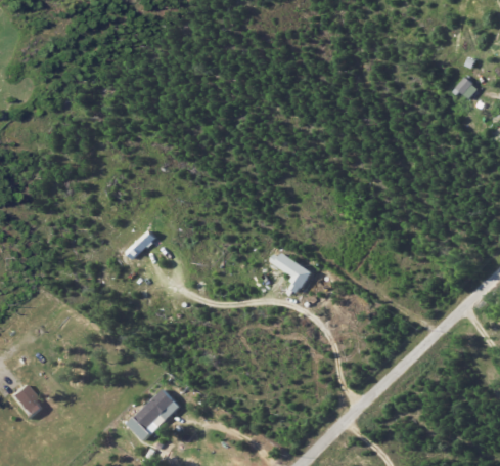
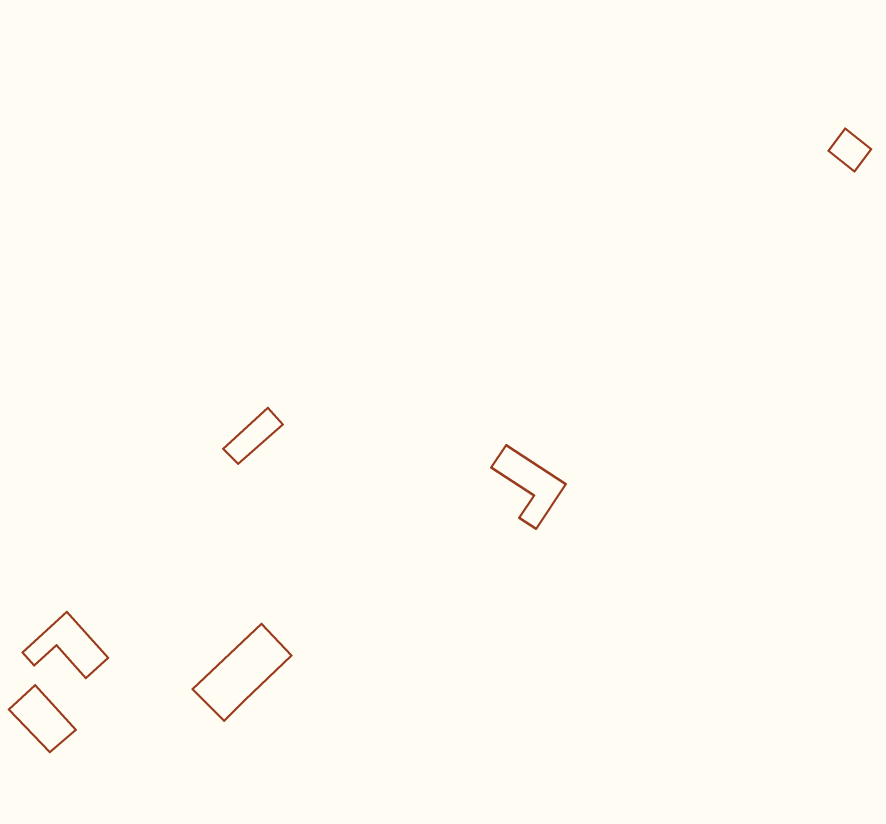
building: none -> [22,612,108,678]
building: [127,388,181,441] -> [193,624,291,721]

